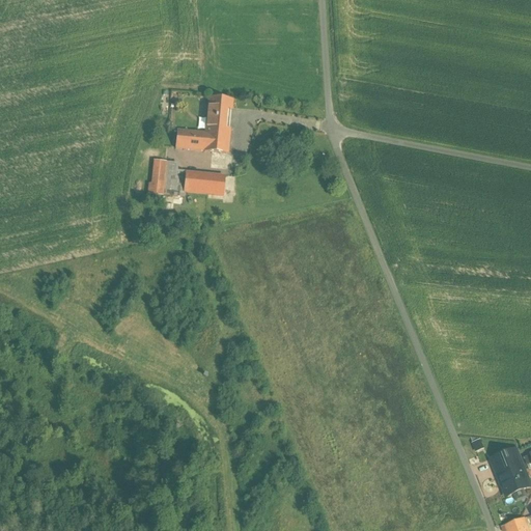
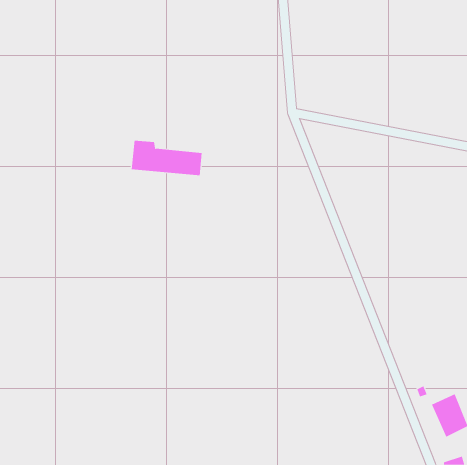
building: [173,95,232,151] -> none

